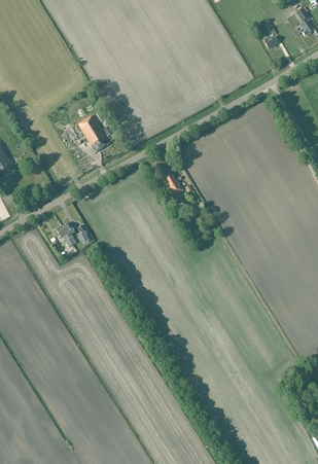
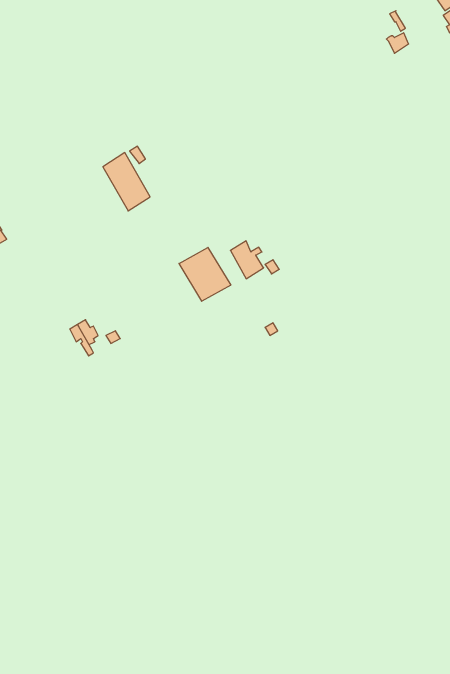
building: none -> [179,247,231,301]

